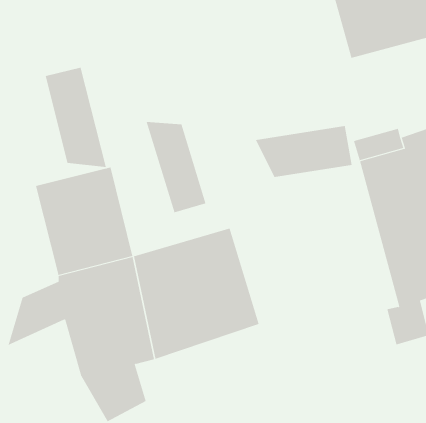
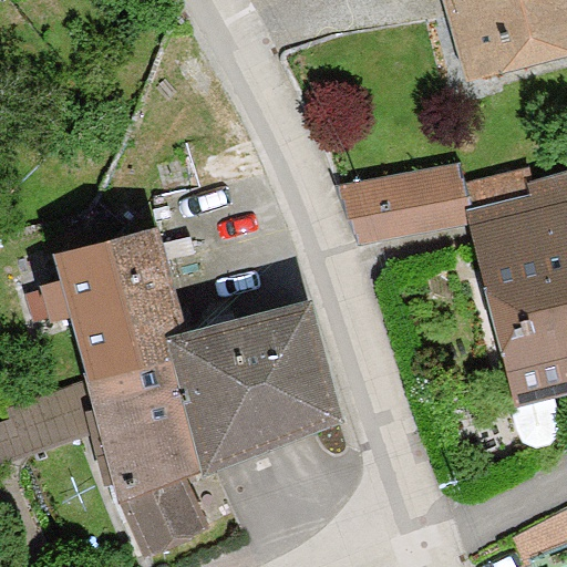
building: [45,67,106,168] -> none
building: [146,121,206,213] -> none

